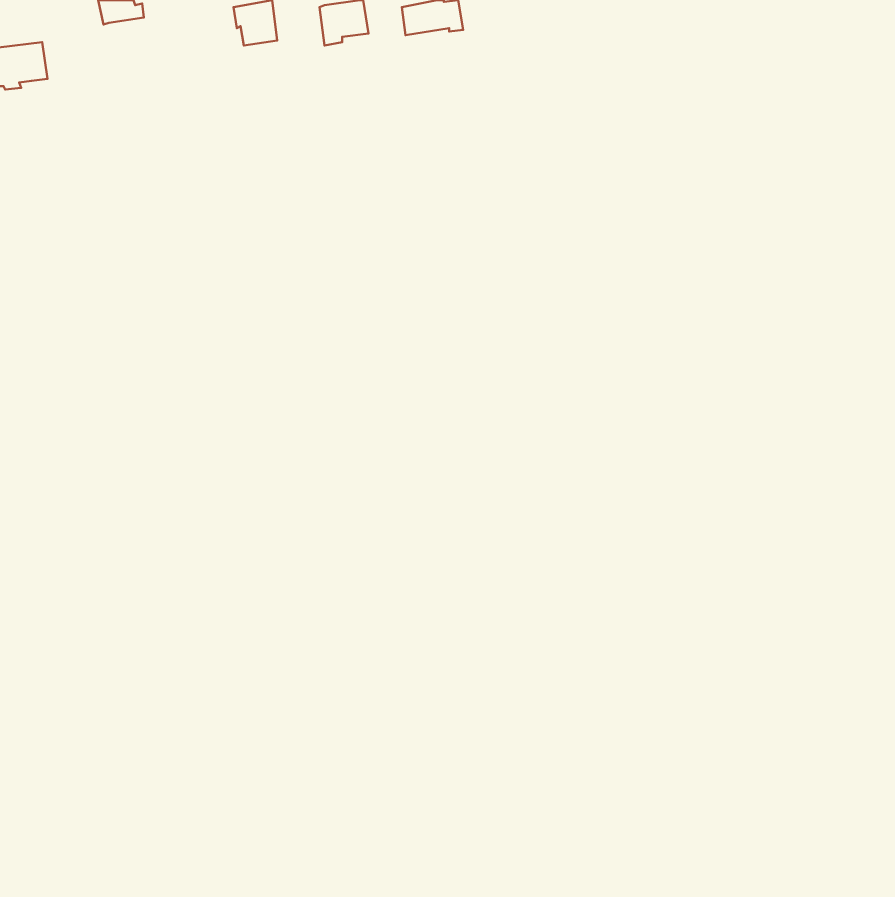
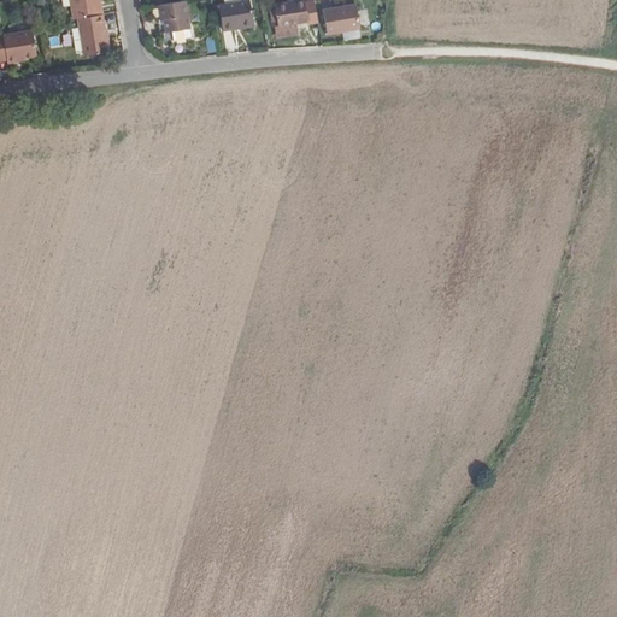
building: none -> [323,5,360,34]
building: none -> [75,12,105,53]

